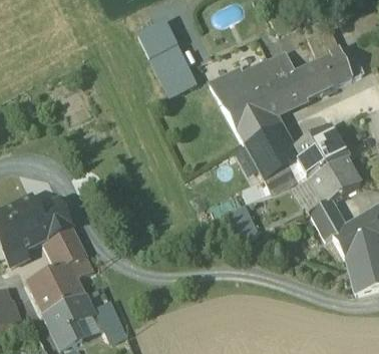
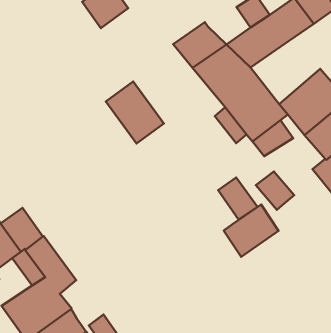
building: [150,45,197,98] -> [106,82,164,144]
building: [242,60,278,90] -> none
building: [291,179,322,212] -> [256,171,294,210]
building: none -> [224,204,278,257]

